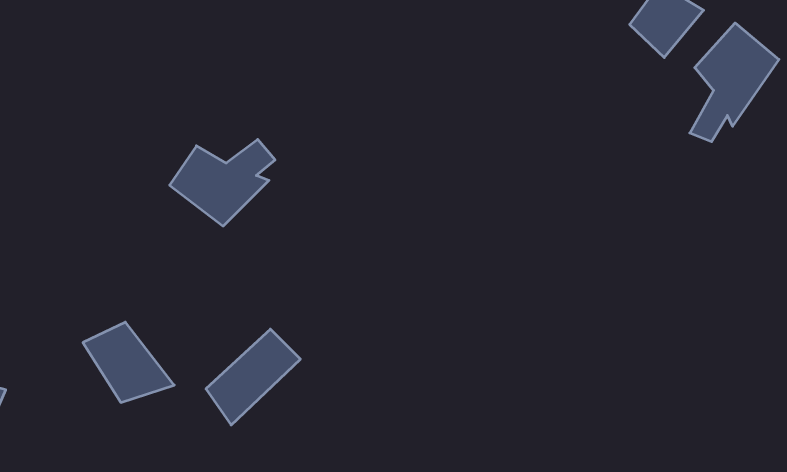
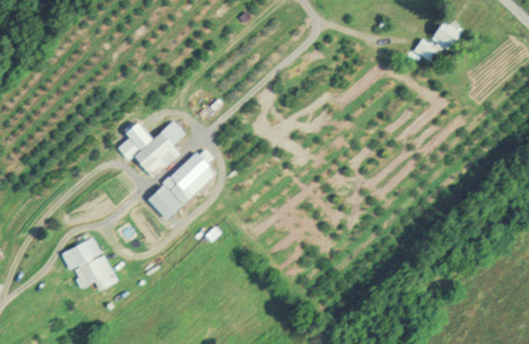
building: [690,23,779,142] -> none
building: [206,329,300,425] -> [152,154,214,217]

